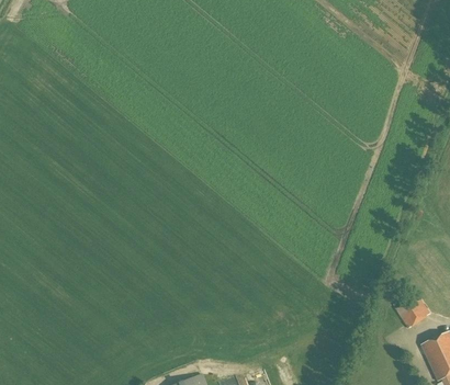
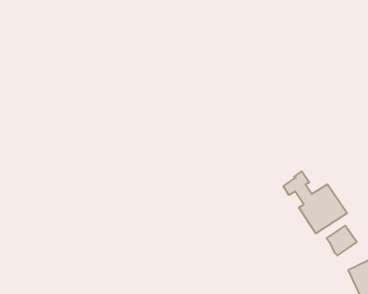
building: none -> [283,171,347,234]

